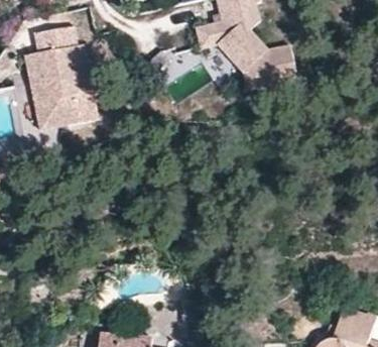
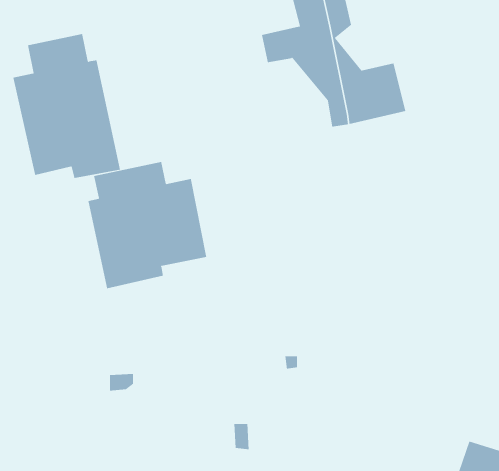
building: none -> [88,161,207,289]

